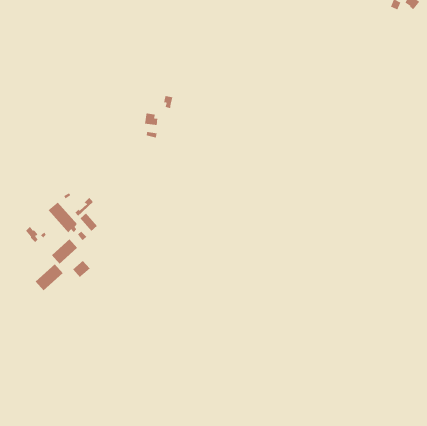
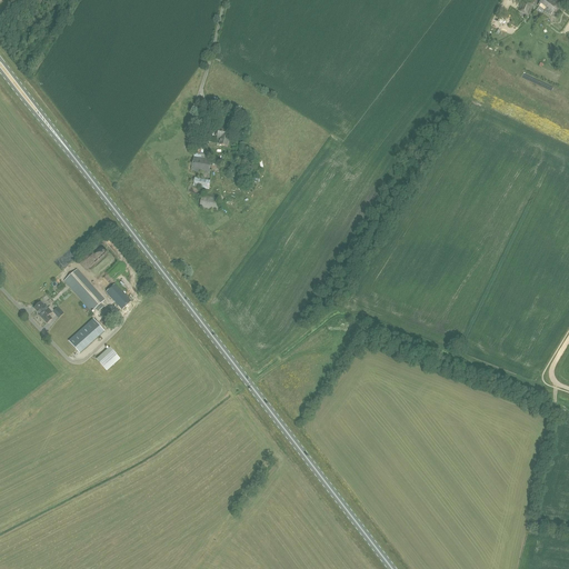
building: [35,264,63,291] -> none

